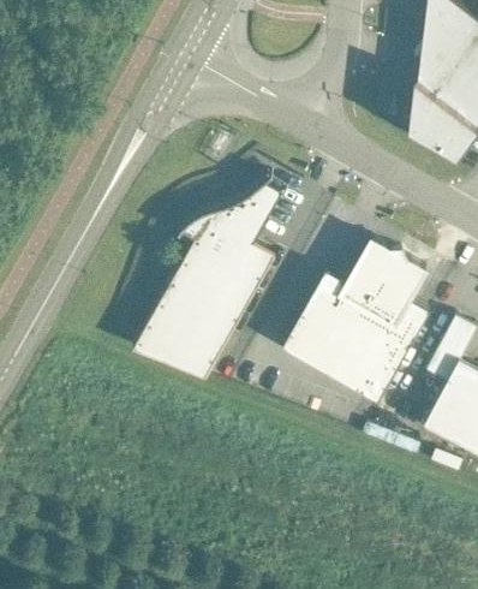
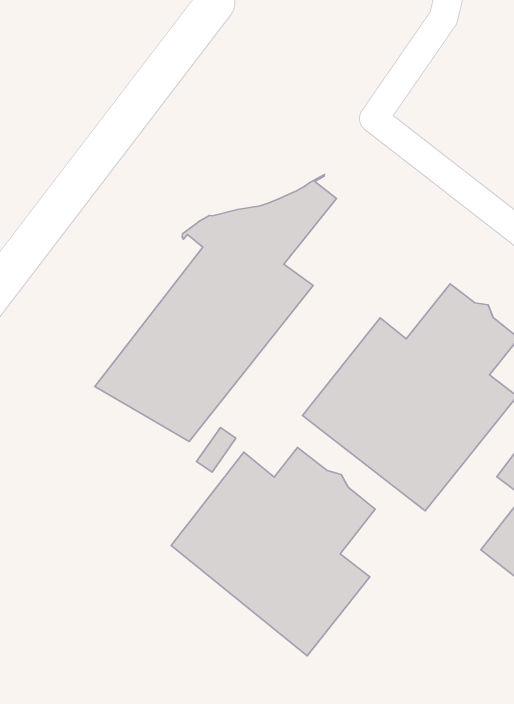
building: none -> [171,447,375,656]

